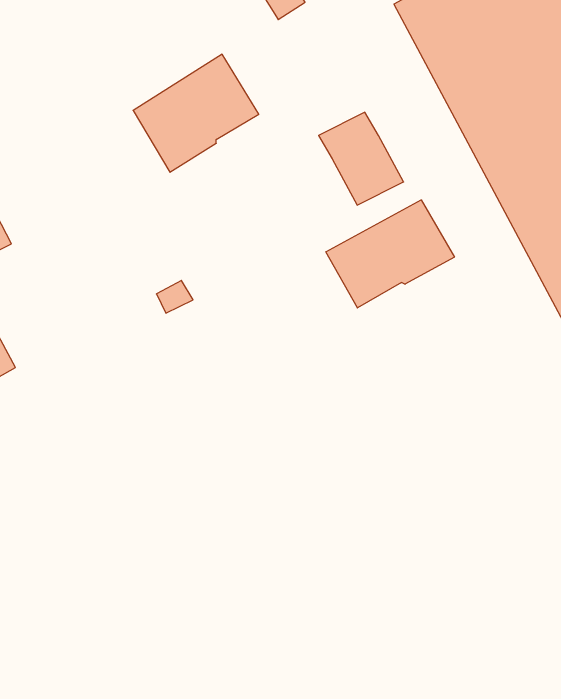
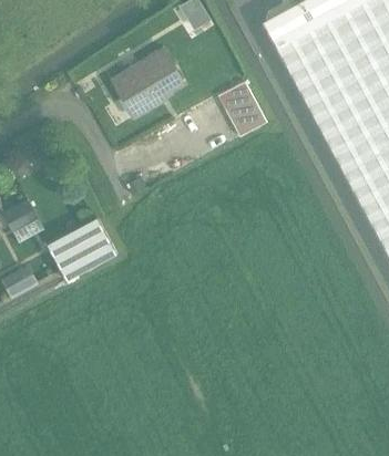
building: [326,200,454,308] -> none
building: none -> [48,217,119,280]

